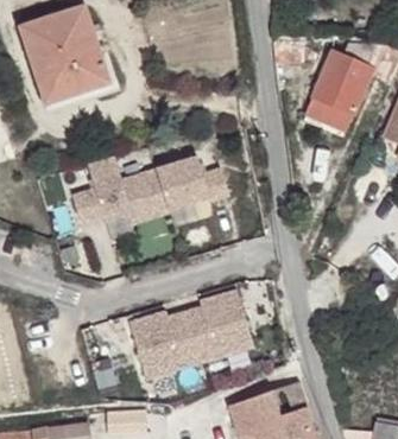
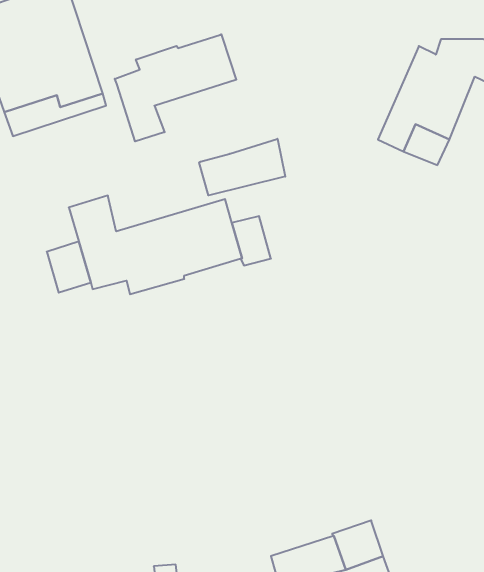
building: none -> [115,34,236,141]
building: none -> [199,139,285,195]
building: [128,291,253,378] -> none

